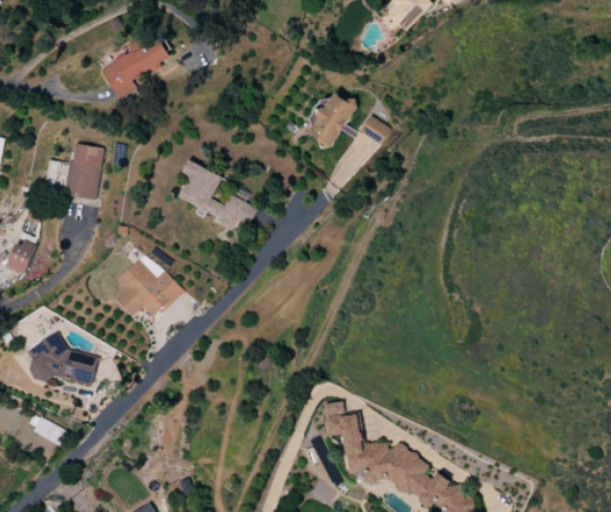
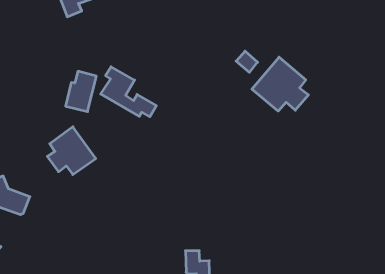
building: [309,94,356,147] -> none
building: none -> [252,57,308,111]
building: [65,145,103,199] -> [66,71,96,112]

